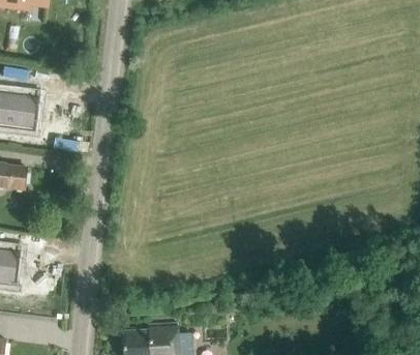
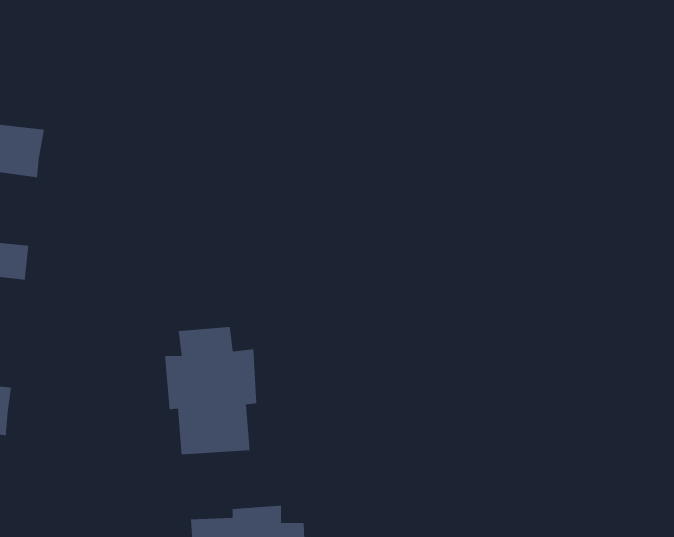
building: none -> [164,326,257,455]

